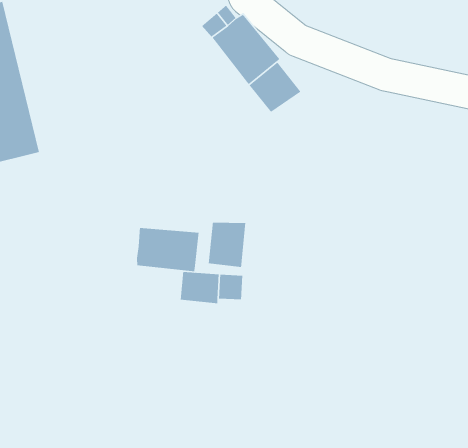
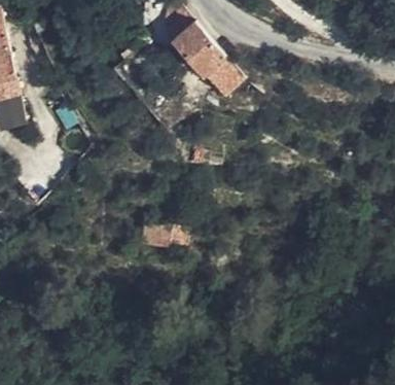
building: [208,222,246,268] -> none
building: [136,227,200,272] -> none

